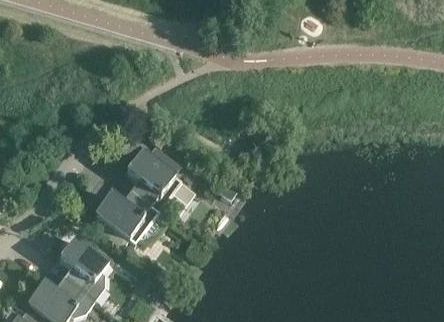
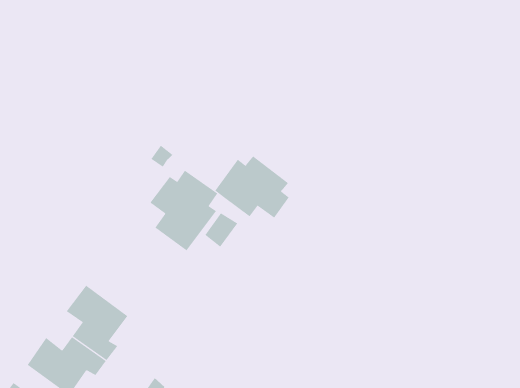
building: none -> [214,155,289,218]
building: [94,191,155,242] -> none

